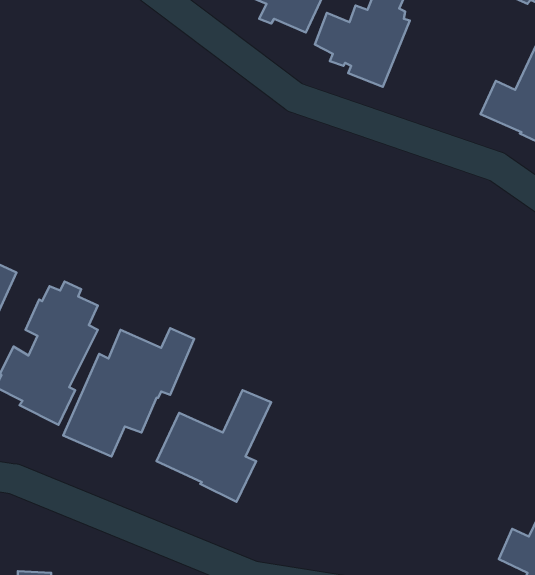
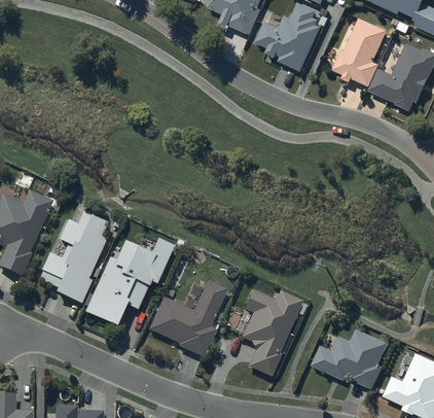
building: none -> [333,20,389,88]
building: none -> [243,291,301,376]
building: none -> [312,328,388,388]

